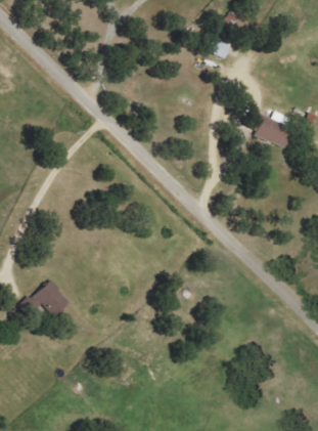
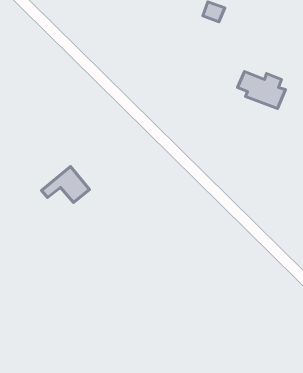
building: [21,281,71,317] -> [42,167,89,202]

